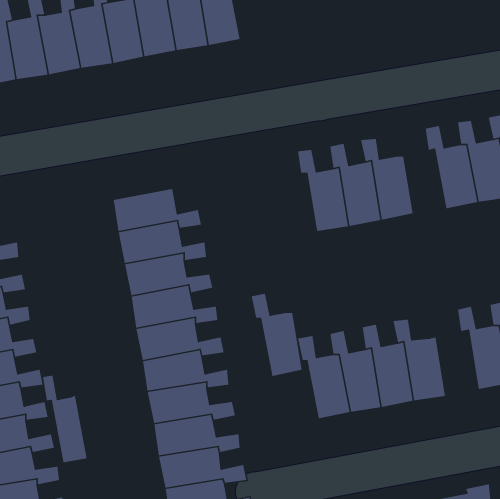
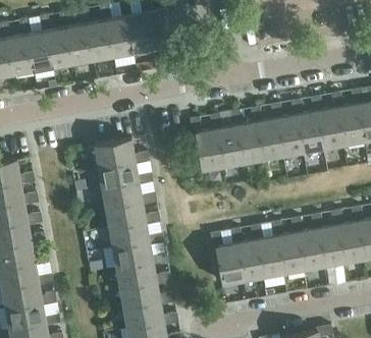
building: none -> [269,105,303,157]
building: [251,293,303,377] -> [189,119,221,172]
building: none -> [289,219,323,272]
building: [42,375,88,463] -> none

